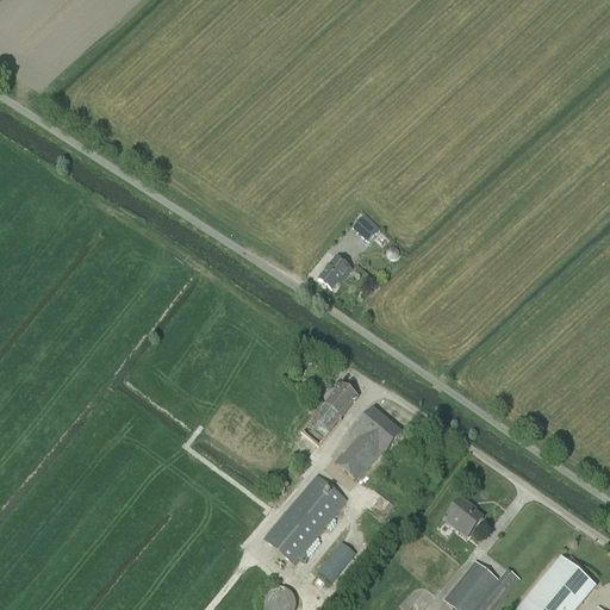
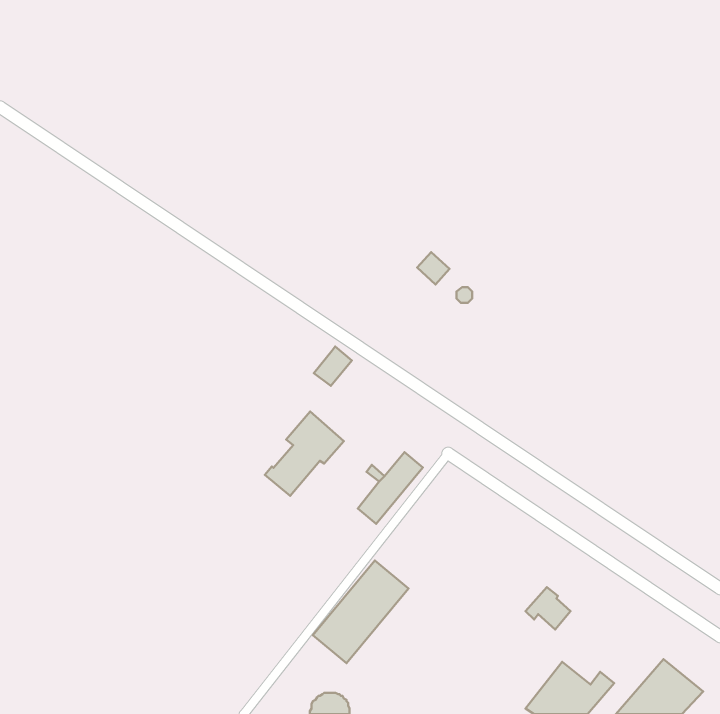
building: [318,255,350,288] -> [314,346,352,386]
building: [335,407,402,479] -> [265,411,344,496]
building: [317,541,355,581] -> none

